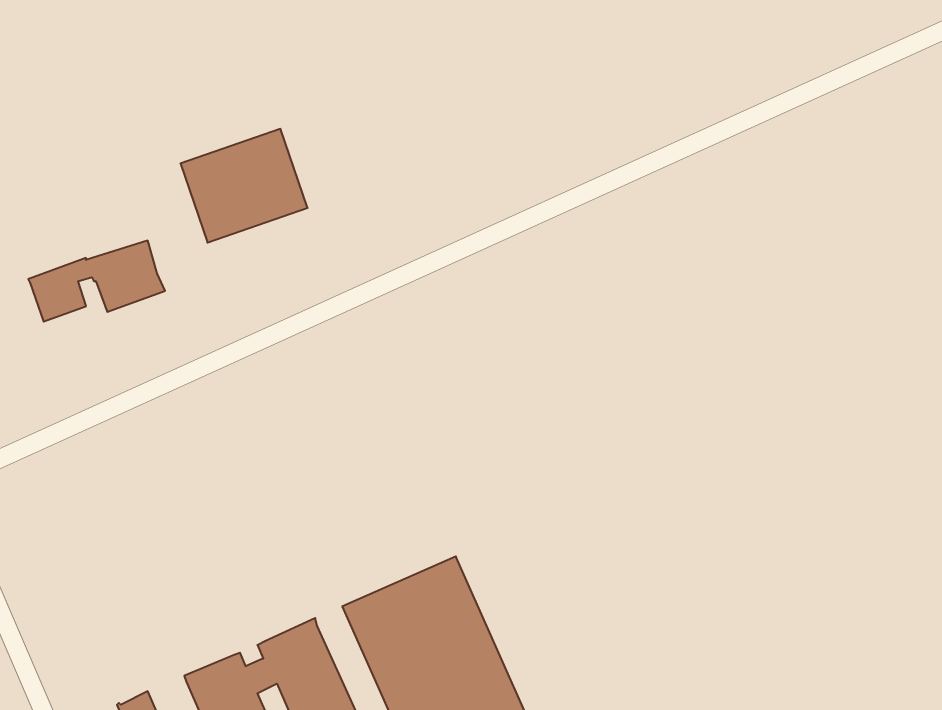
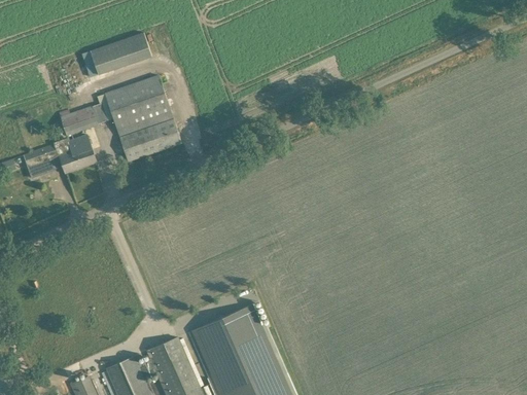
building: none -> [90,32,151,74]
building: none -> [58,103,107,135]
building: none -> [118,119,181,160]

